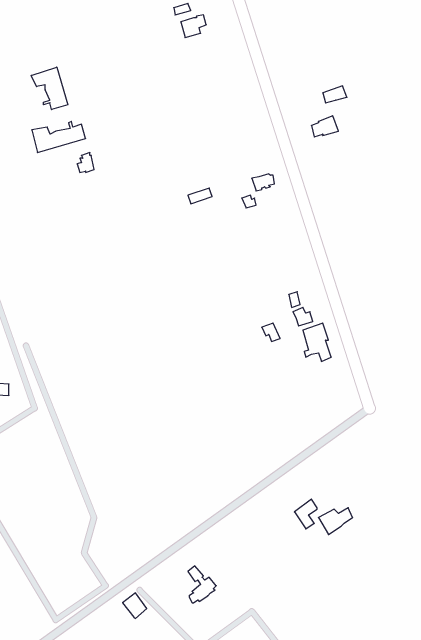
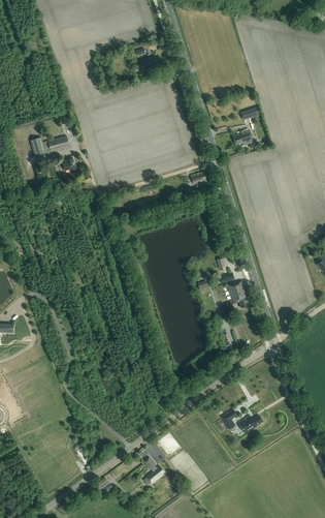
building: [31,67,68,110] -> none

